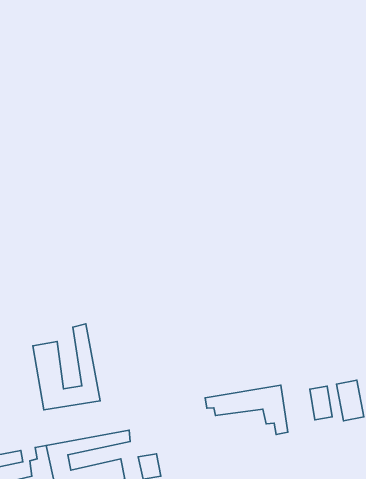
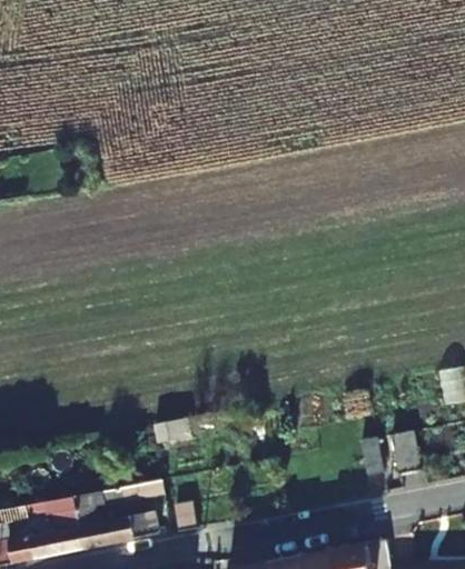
building: [33,324,100,410] -> none
building: [205,385,288,434] -> none

